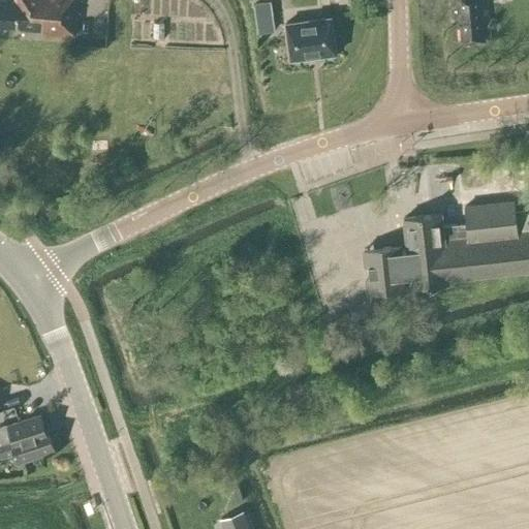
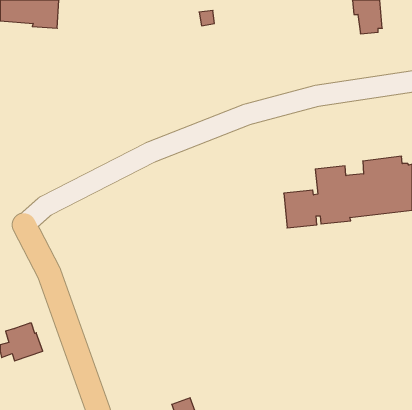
building: [286,20,336,61] -> none

